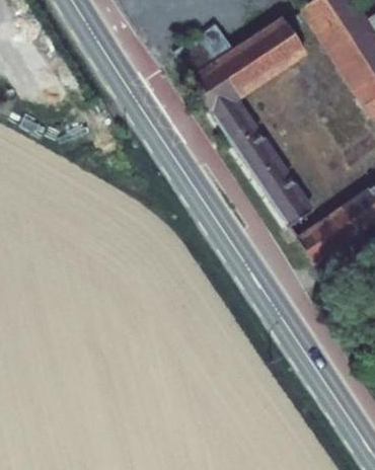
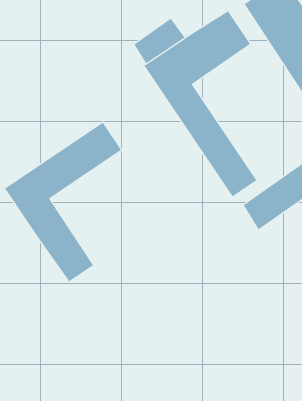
building: none -> [4,122,122,282]

